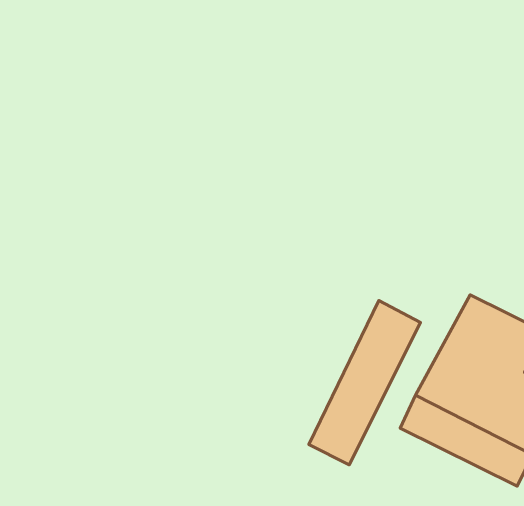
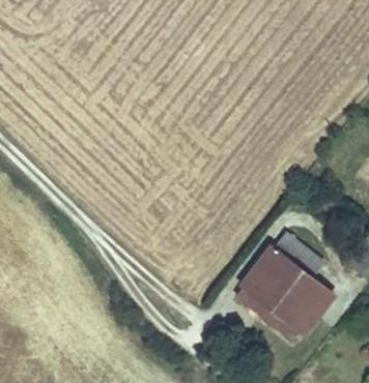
building: [309,300,420,465] -> none

